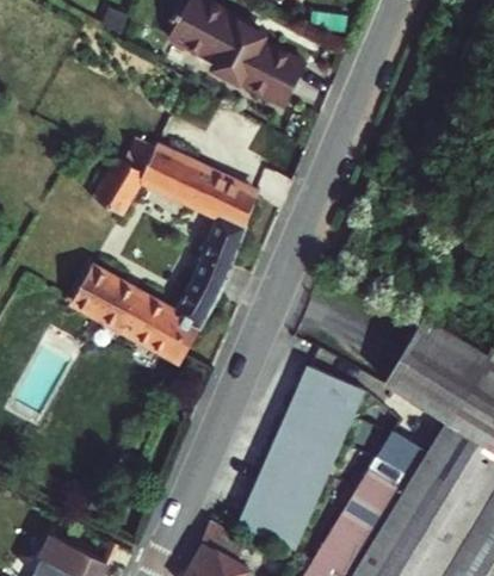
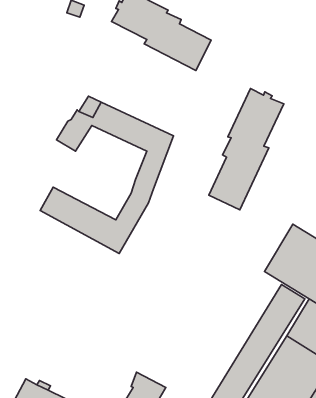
building: none -> [209,88,284,210]
building: [237,370,360,551] -> none

